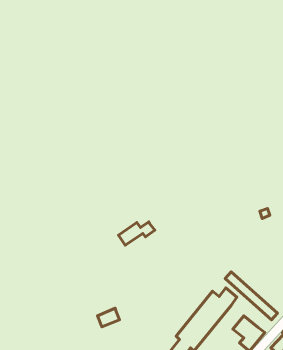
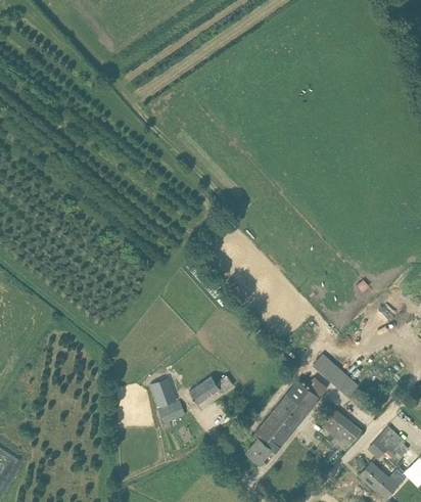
building: [118,222,155,245] -> [189,375,233,404]
building: none -> [150,379,174,408]

